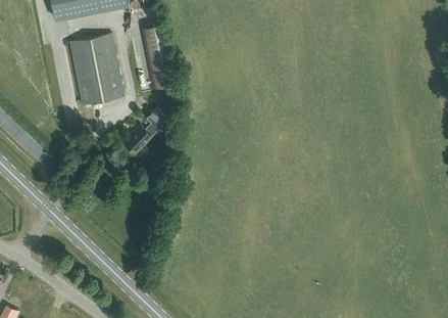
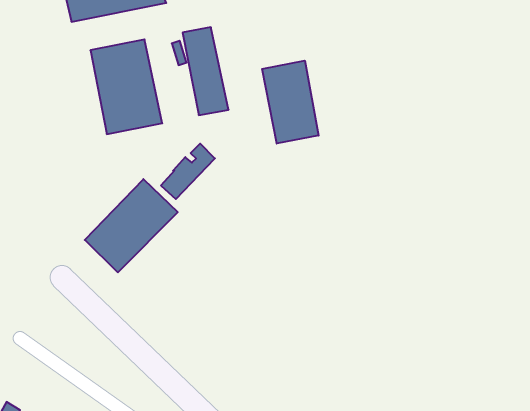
building: none -> [262,61,319,144]
building: none -> [85,179,178,272]

